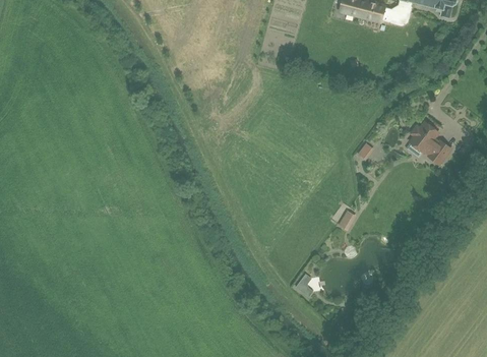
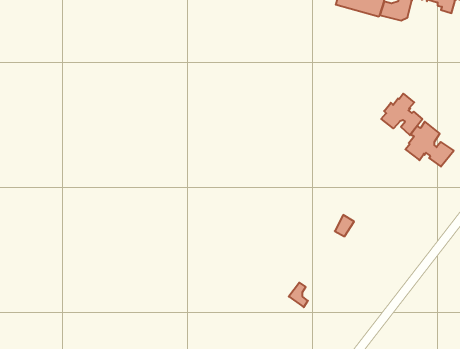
building: none -> [381,94,422,135]

